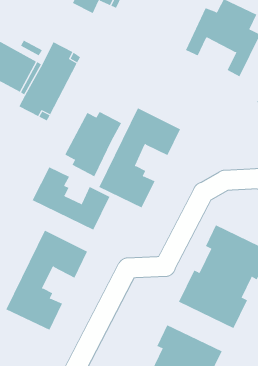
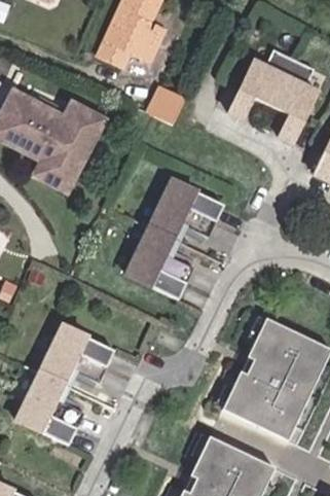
building: none -> [147,86,186,122]
building: [65,111,122,177] -> none
building: [32,166,110,231] -> none

